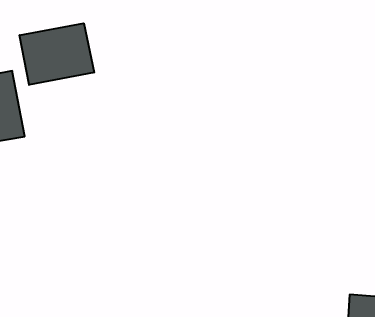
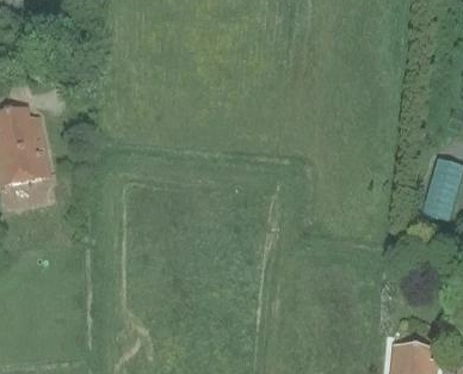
building: [20,23,94,85] -> none

